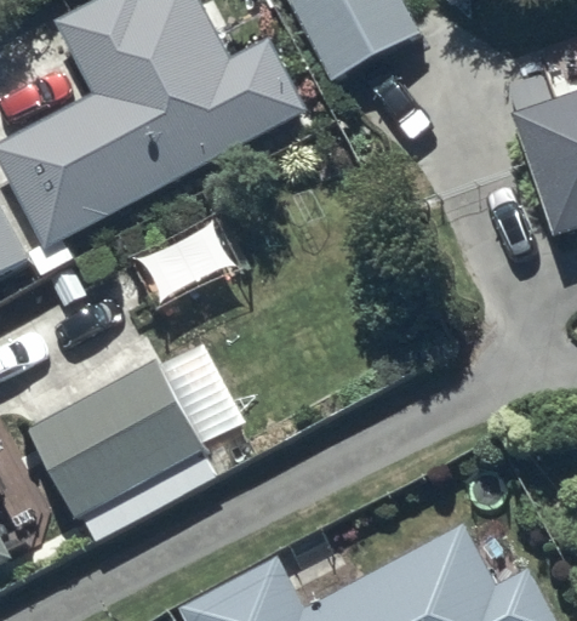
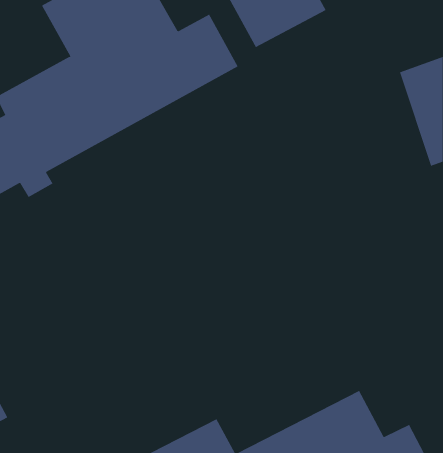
building: [25,346,211,541] -> none

